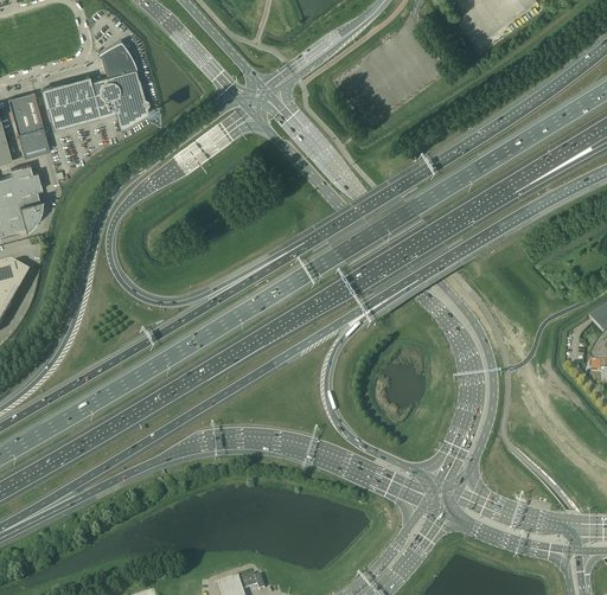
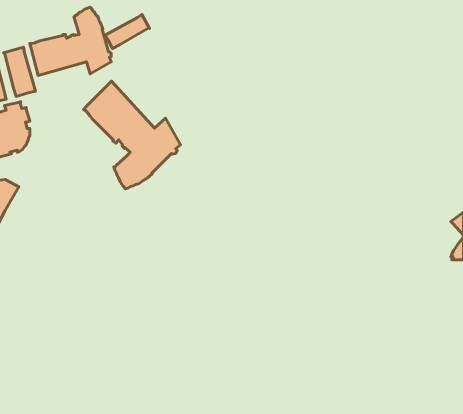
building: none -> [105,15,149,49]
building: none -> [83,81,181,189]

